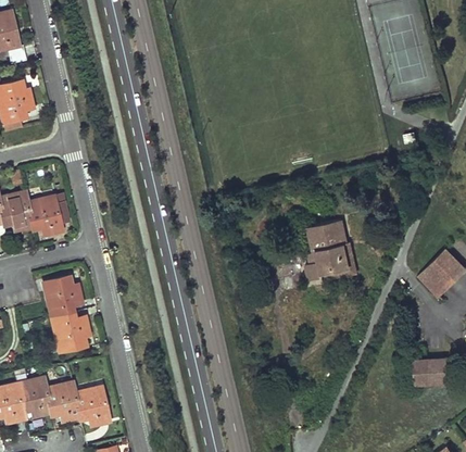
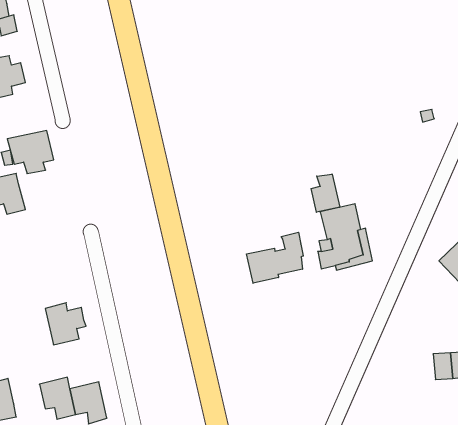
building: none -> [311,174,340,212]
building: [26,194,70,235] -> [7,131,54,174]
building: none -> [247,232,303,283]
building: [43,278,81,318] -> none
building: [16,378,51,416] -> none

